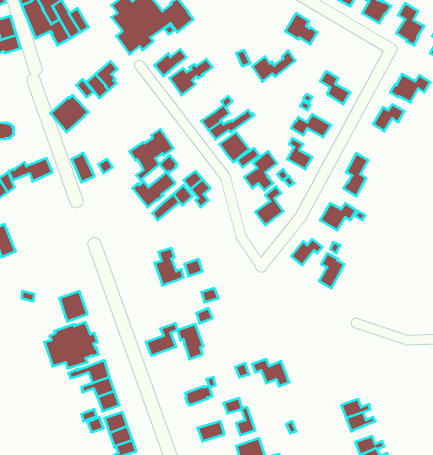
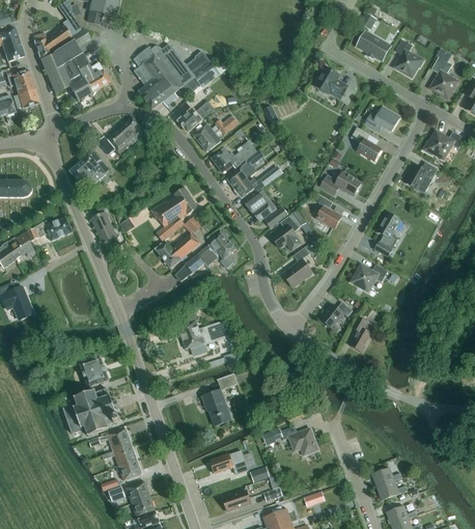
building: [252,51,295,82] -> [212,141,256,173]
building: none -> [365,107,400,132]
building: [146,323,177,356] -> none

